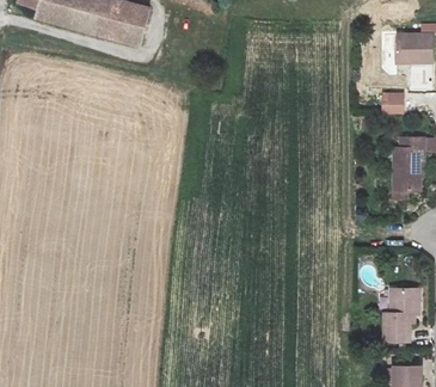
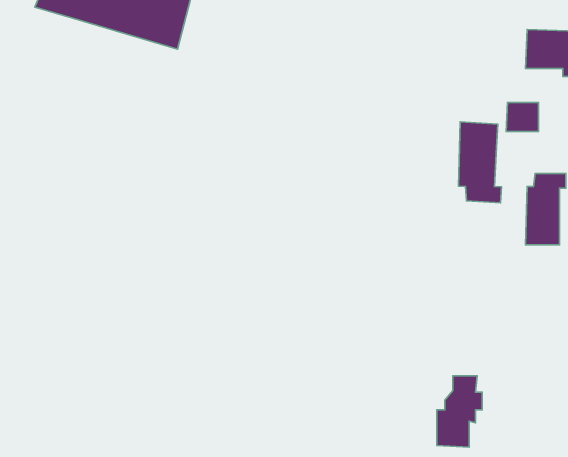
building: none -> [458,122,502,203]
building: [382,289,416,342] -> [437,376,482,447]

